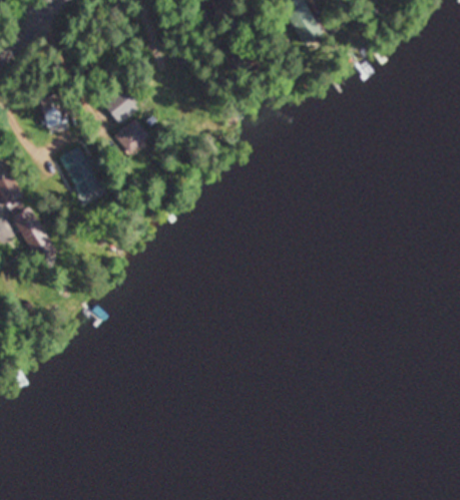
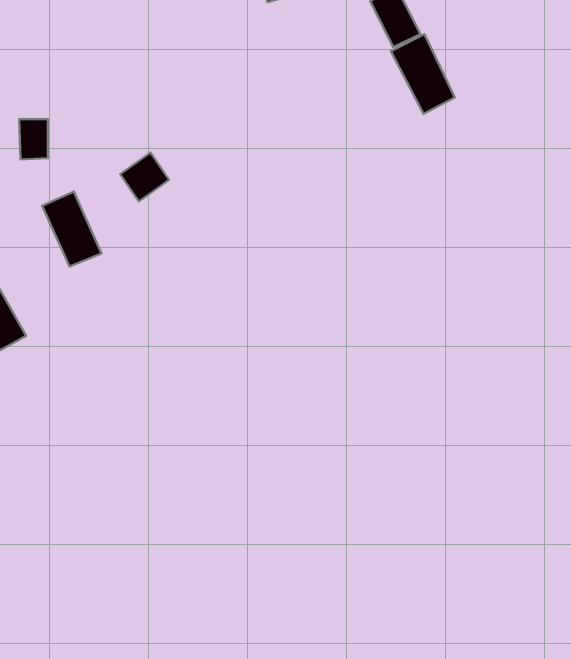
building: none -> [391,34,455,114]
building: [104,89,141,127] -> none

